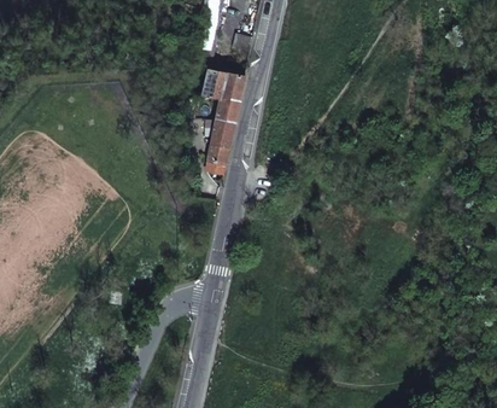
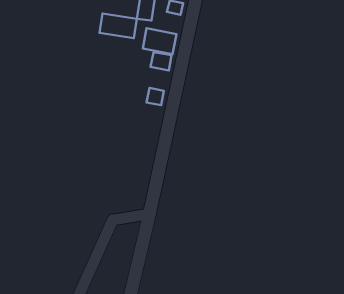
building: none -> [100,13,137,38]
building: [209,117,236,147] -> none

